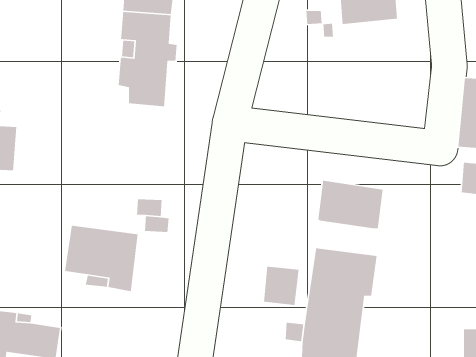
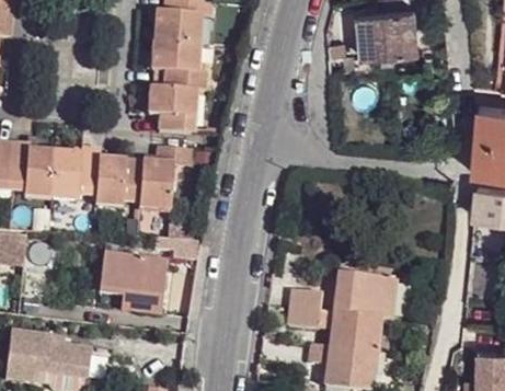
building: none -> [48,146,192,210]
building: [317,180,383,229] -> none

